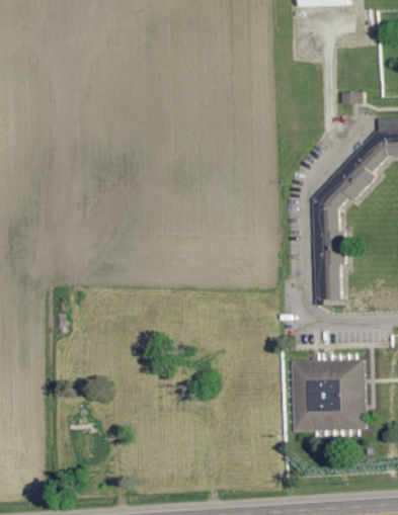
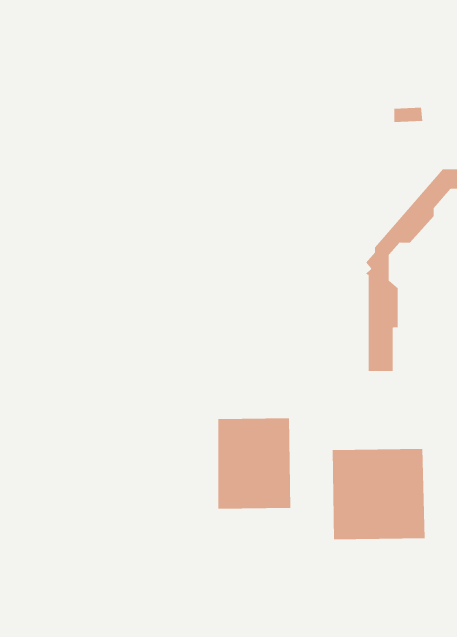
building: none -> [218,418,291,510]

